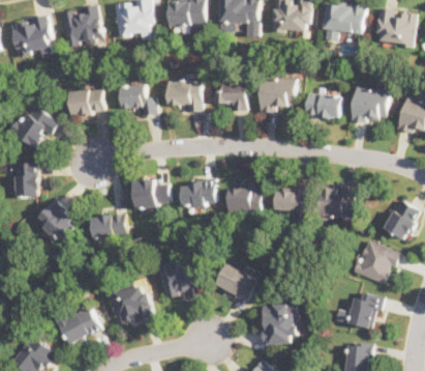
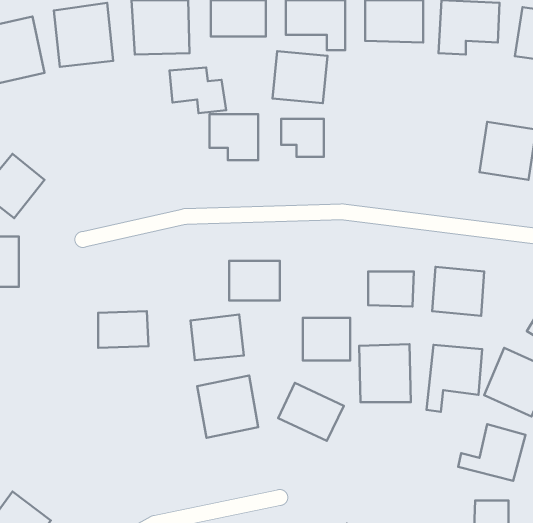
building: [257,77,295,112] -> [272,51,327,103]
building: [118,84,156,115] -> [170,67,226,113]
building: [67,87,103,116] -> none
building: [303,91,340,119] -> none
building: [132,177,169,208] -> [190,314,244,360]
building: [227,182,260,211] -> [303,318,350,361]
building: [34,199,78,242] -> none
building: none -> [426,345,482,412]
building: [108,283,154,325] -> none
building: [261,304,296,343] -> [359,344,411,402]
building: [56,306,102,348] -> none

